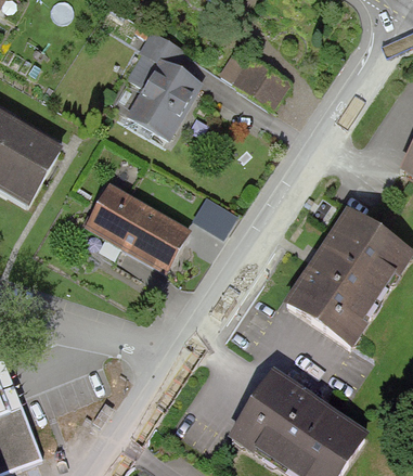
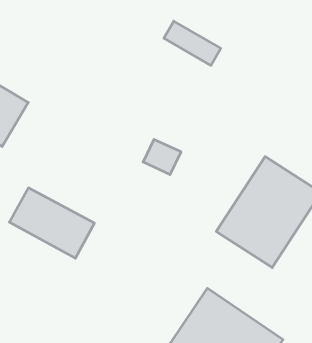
building: [128,31,201,139] -> none
building: [85,184,186,269] -> [9,188,94,258]

